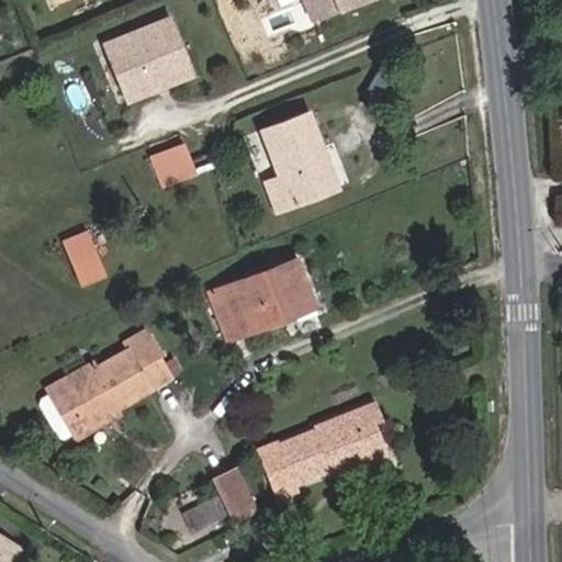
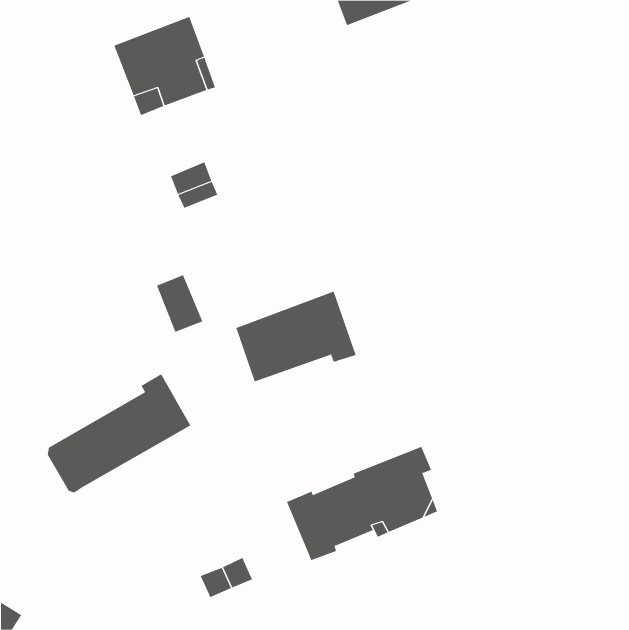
building: [263,113,338,211] -> none
building: [64,232,105,283] -> [156,275,203,332]
building: [213,467,256,518] -> none

